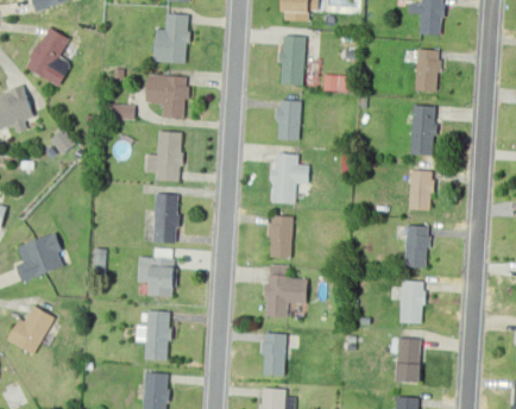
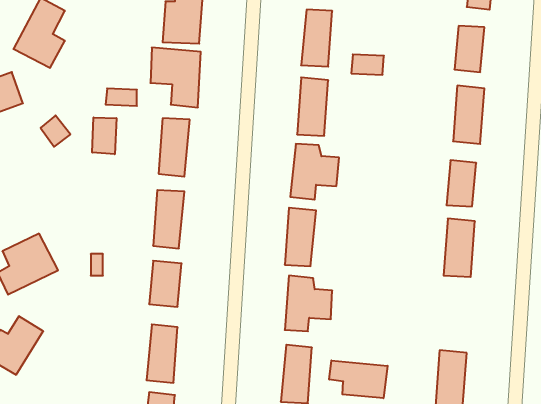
building: none -> [92,117,116,154]
building: [396,275,423,326] -> none
building: none -> [329,360,388,398]

